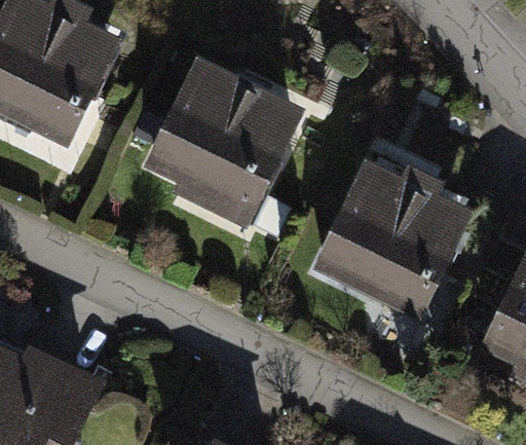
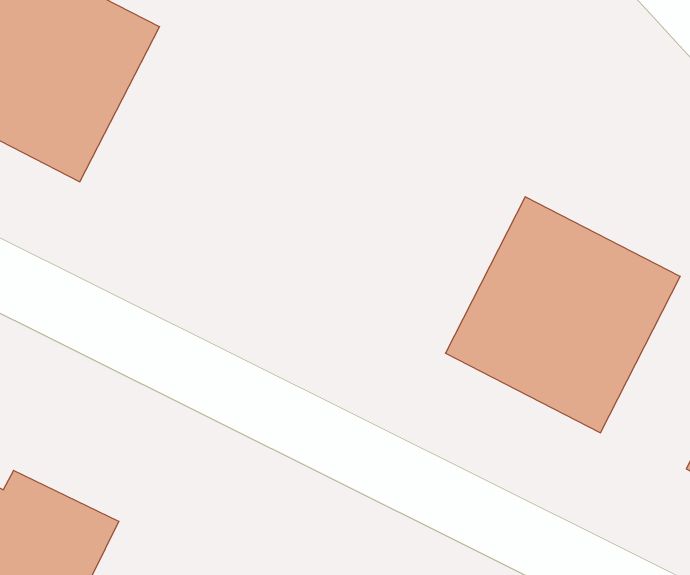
building: [143,66,304,226] -> none

